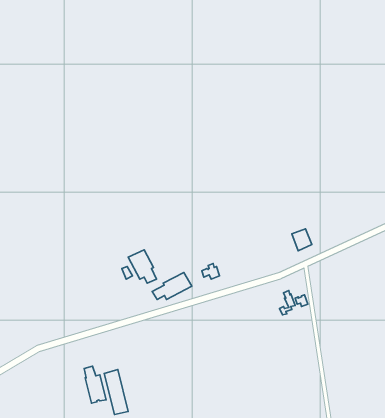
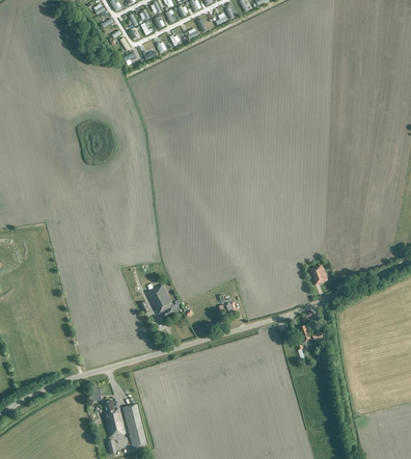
building: [152,272,192,300] -> none

